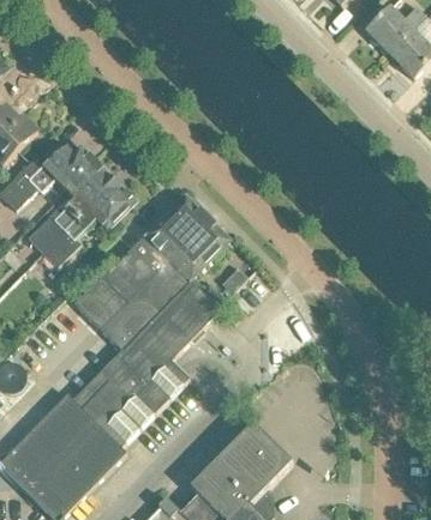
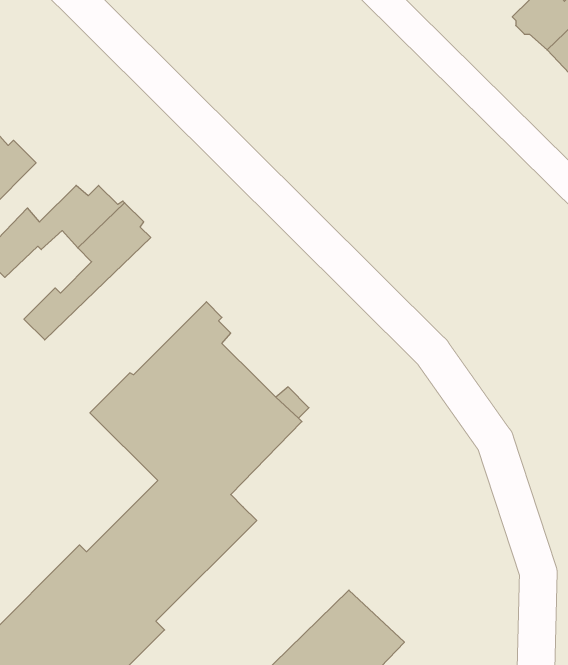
building: [42,183,133,267] -> none
building: [154,196,229,282] -> none

